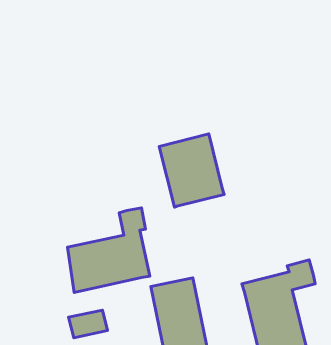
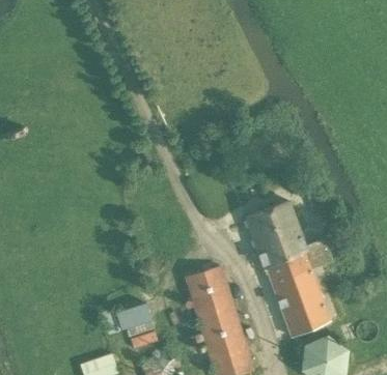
building: [159,134,224,207] -> [246,201,307,268]
building: [67,208,150,292] -> none

